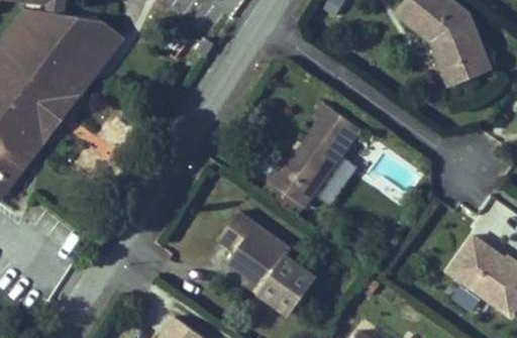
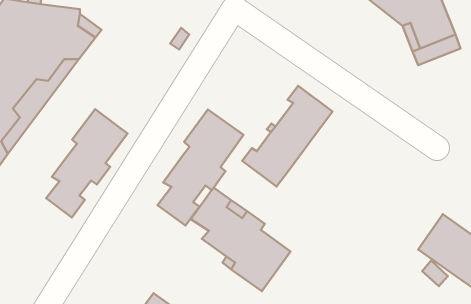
building: none -> [46,109,127,218]
building: none -> [157,109,243,226]
building: [314,155,357,204] -> none

